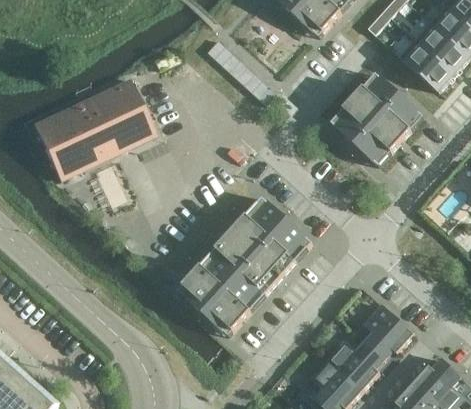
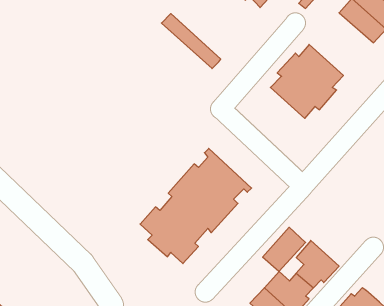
building: [399,39,454,92] -> none
building: [33,79,155,180] -> none
building: none -> [263,227,306,271]

